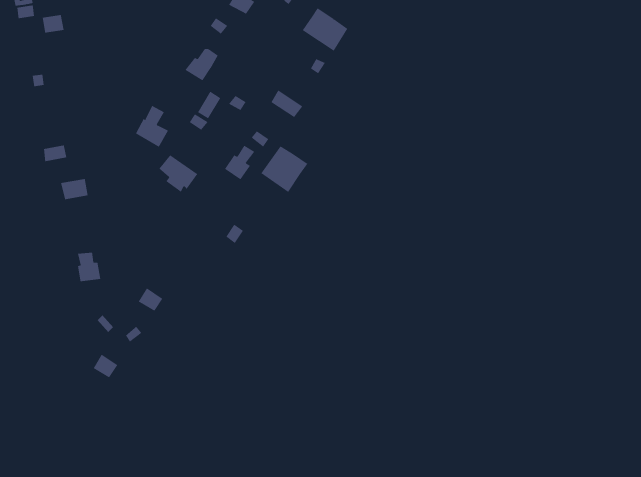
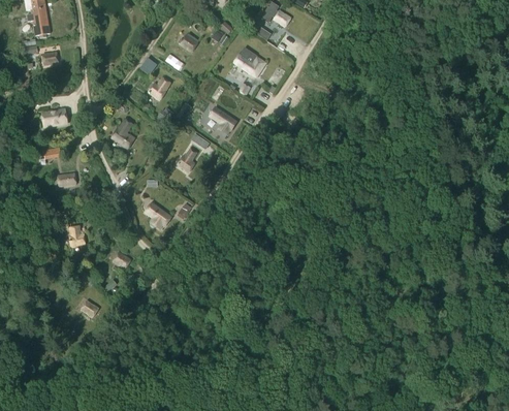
building: none -> [39,108,67,129]
building: [260,145,308,193] -> none
building: [159,154,198,193] -> [144,201,172,229]

